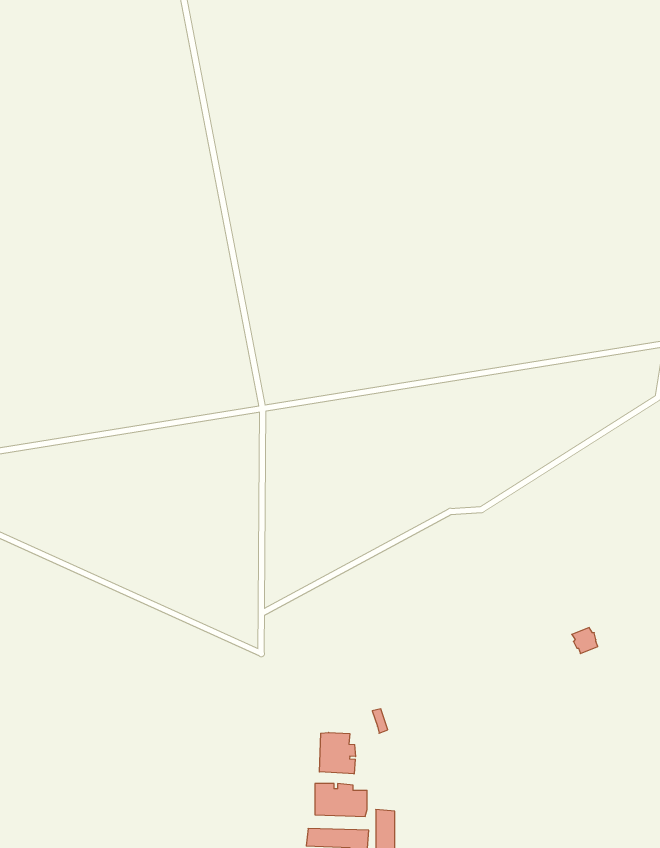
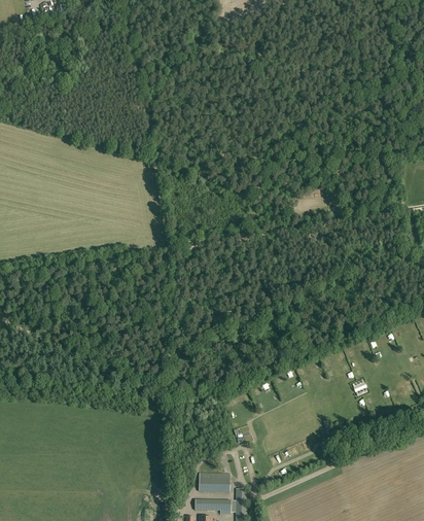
building: [319,732,356,774] -> none

